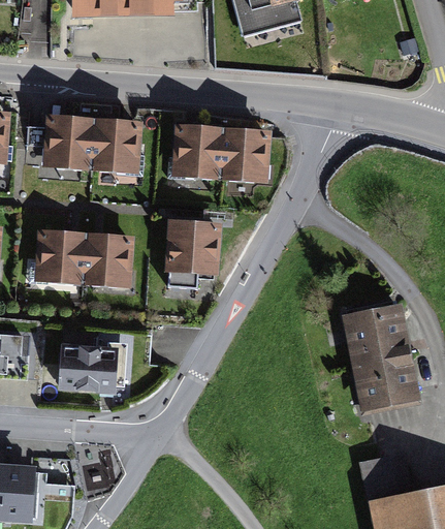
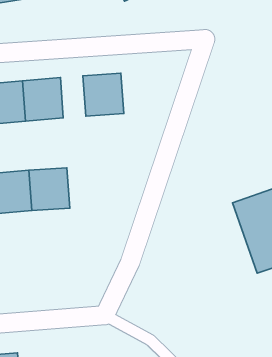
building: [219,128,272,183] -> none
building: [166,220,219,276] -> none
building: [56,343,120,391] -> none

